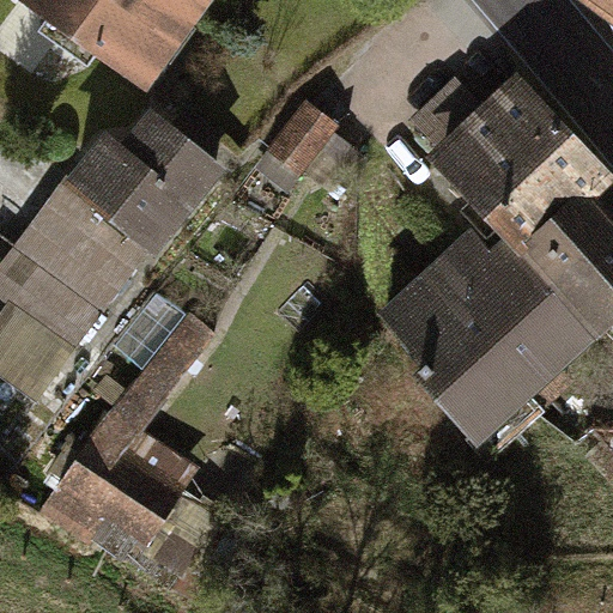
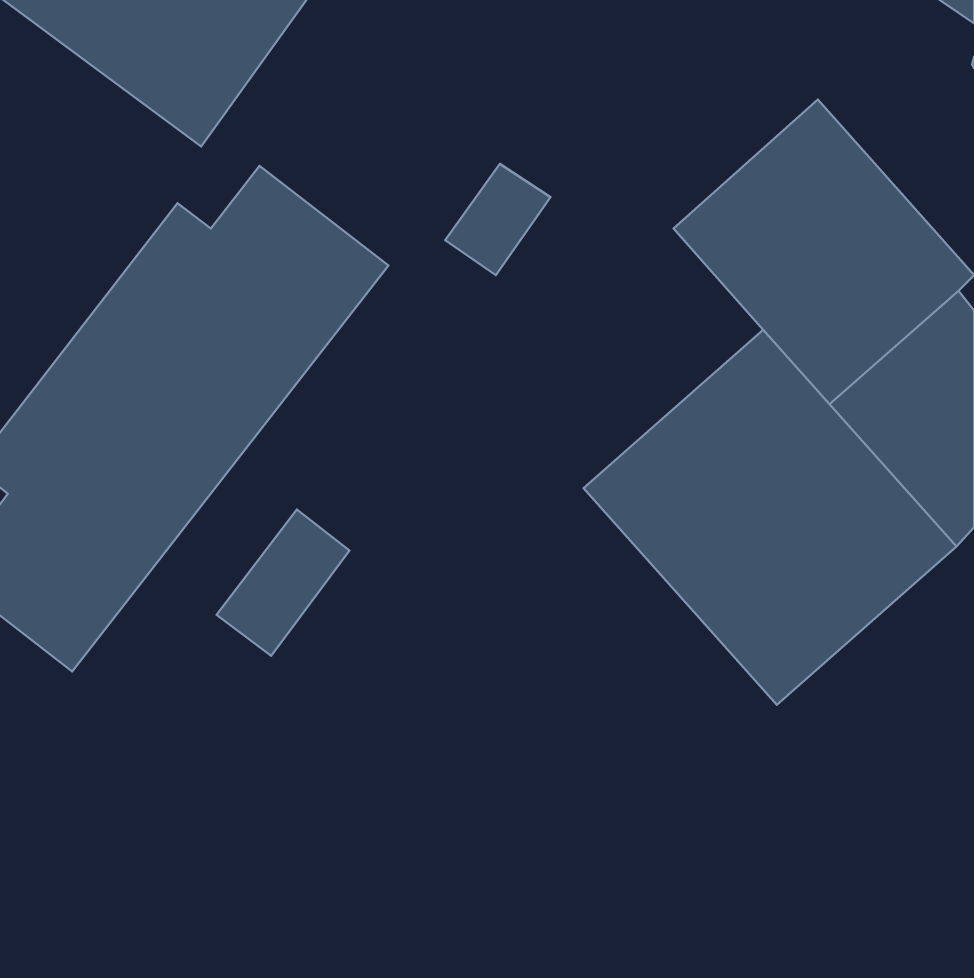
building: [54,433,200,566] -> none

